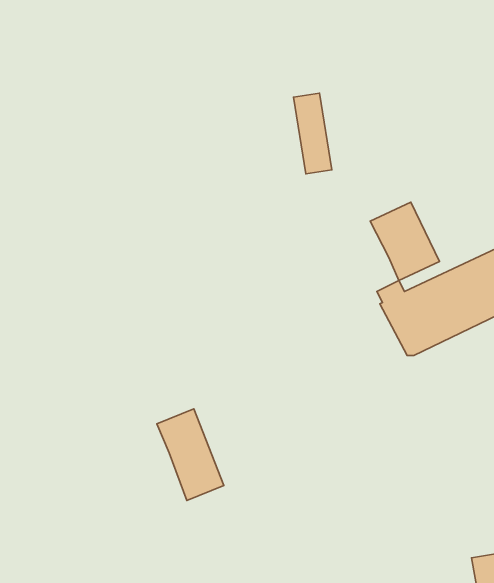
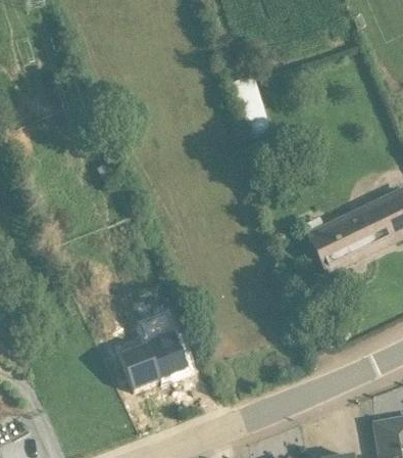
building: [370,202,439,280] -> none
building: none -> [119,346,161,392]

